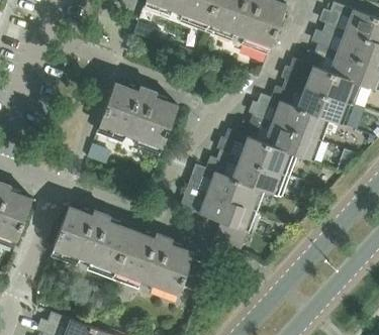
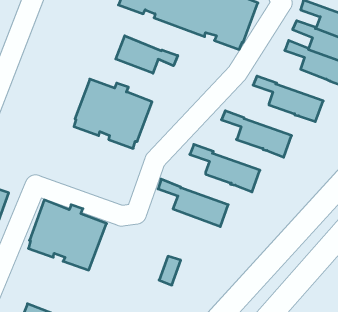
building: none -> [116,36,178,73]
building: [289,58,360,104] -> none
building: [257,93,327,139] -> none
building: [224,128,295,175] -> none
building: [191,163,263,210] -> none
building: [113,229,193,300] -> none

